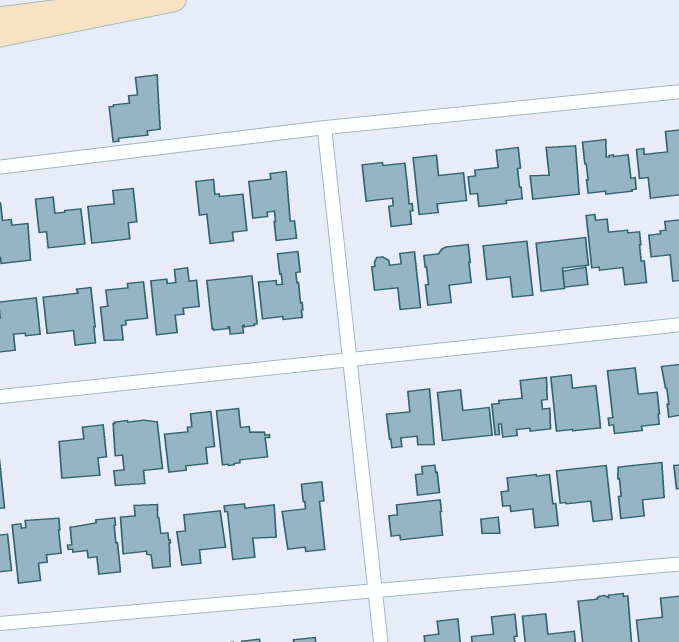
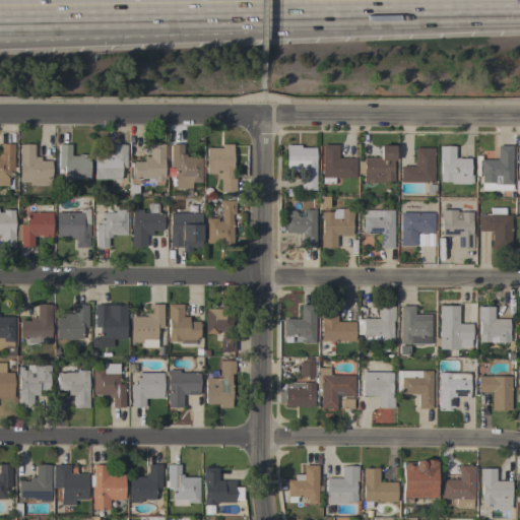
building: [109,75,160,142] -> [132,144,168,187]
building: none -> [207,305,237,351]
building: none -> [22,305,54,342]
building: none -> [320,368,356,408]

